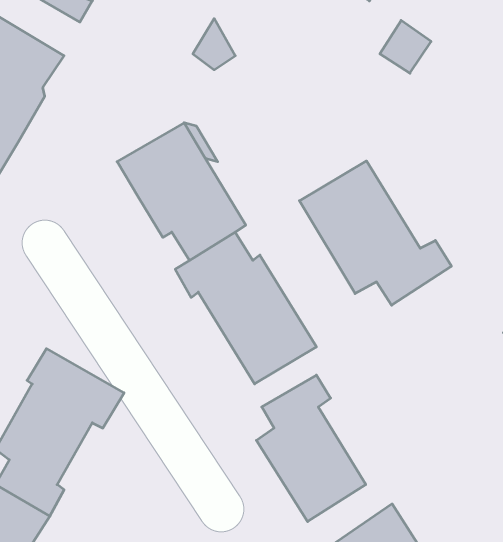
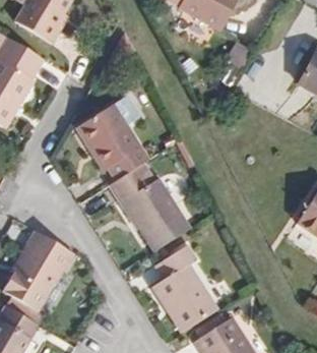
building: [299,161,451,305] -> none

